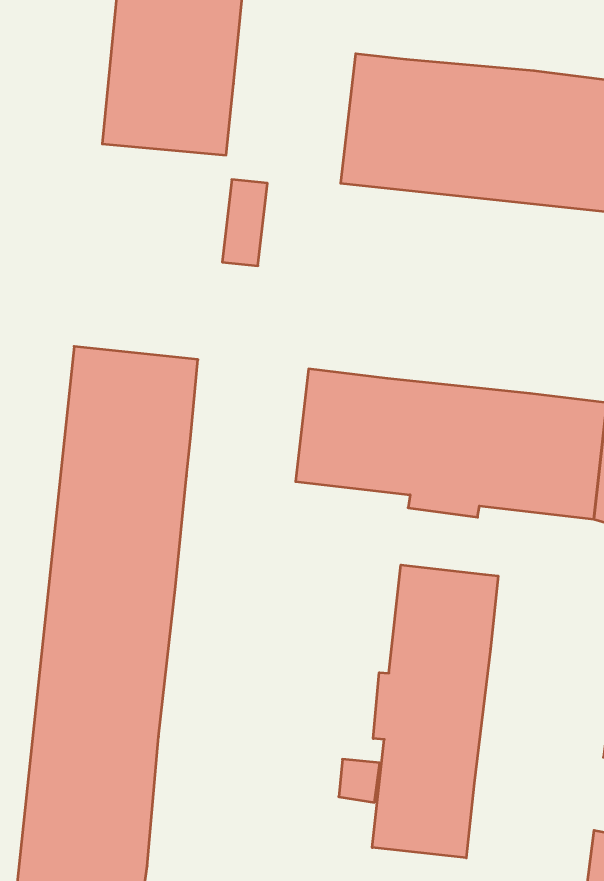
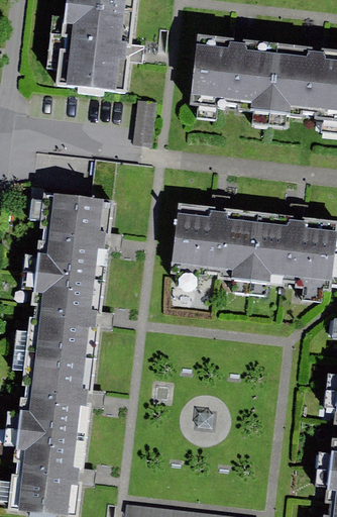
building: [372,565,498,858] -> none

